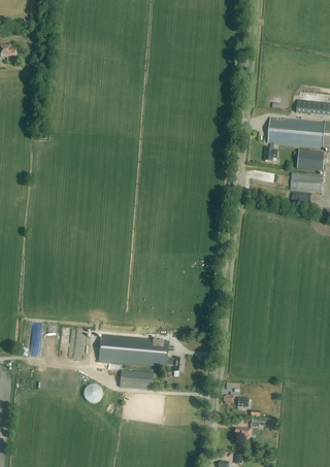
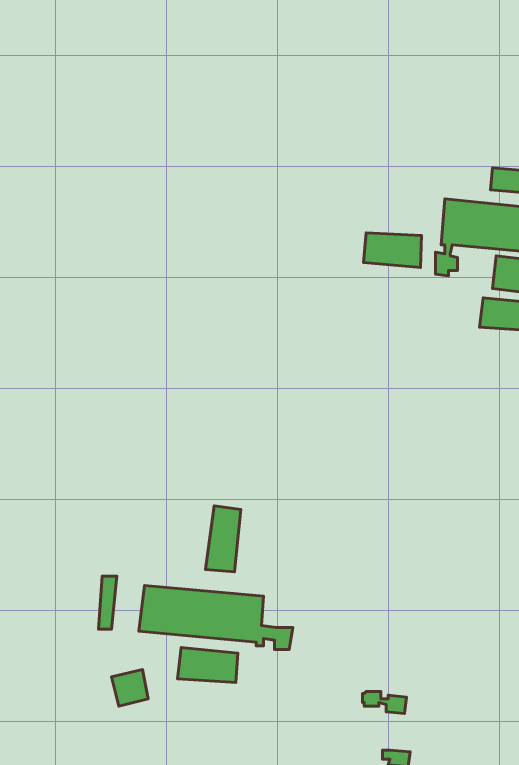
building: none -> [364,233,422,267]
building: none -> [206,506,241,572]

